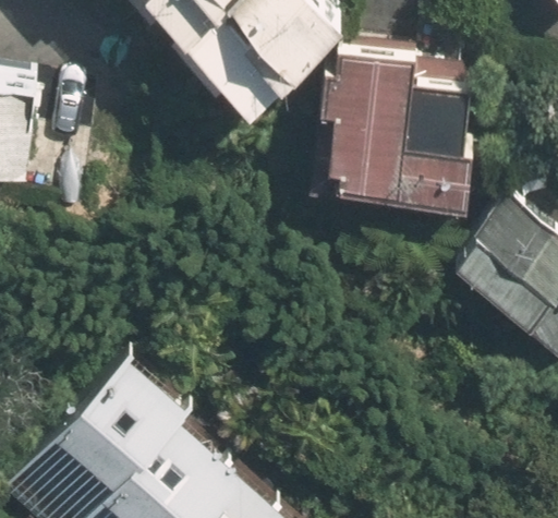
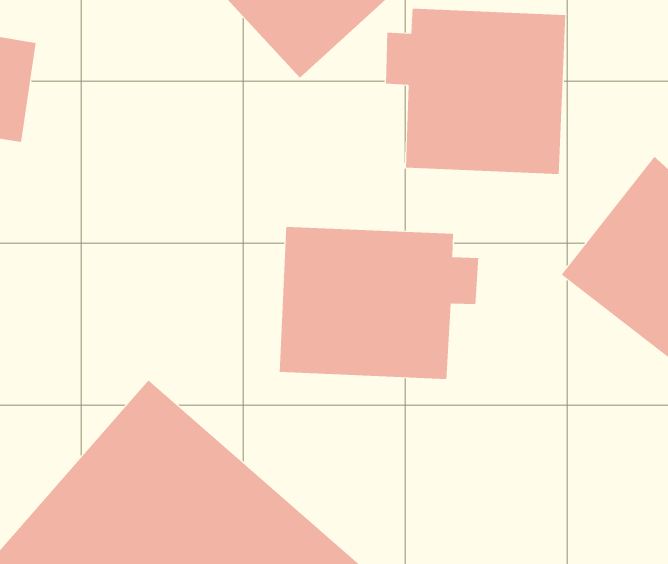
building: none -> [279,226,479,380]

